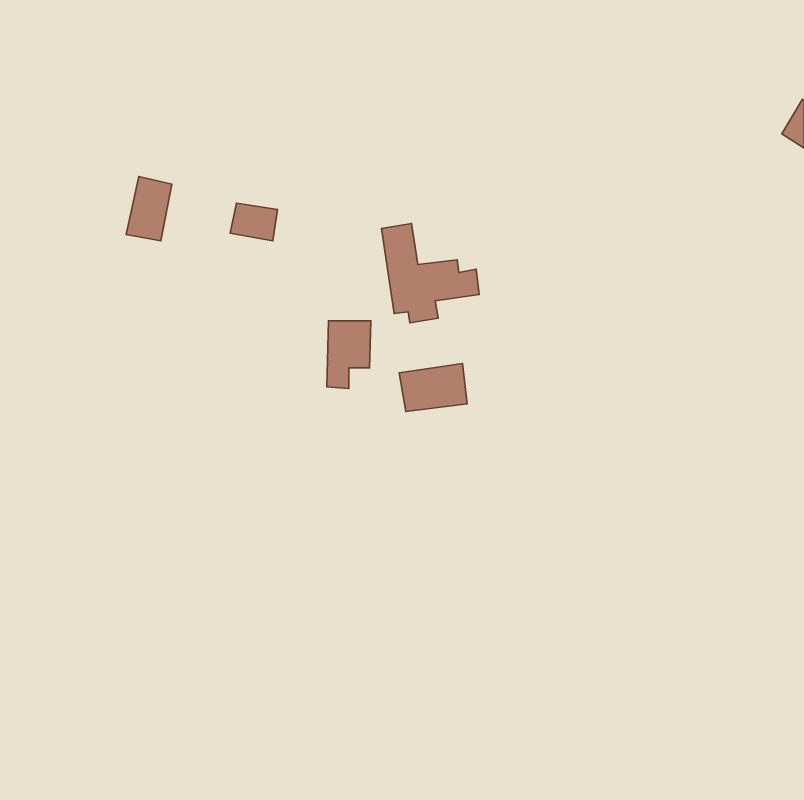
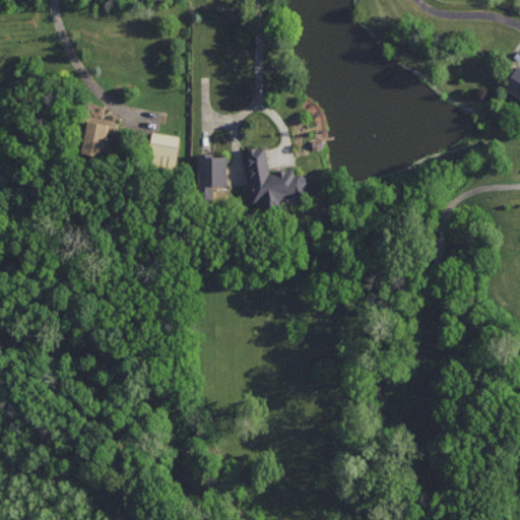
building: [327,321,371,388] -> [199,156,228,200]
building: [399,364,467,412] -> none

